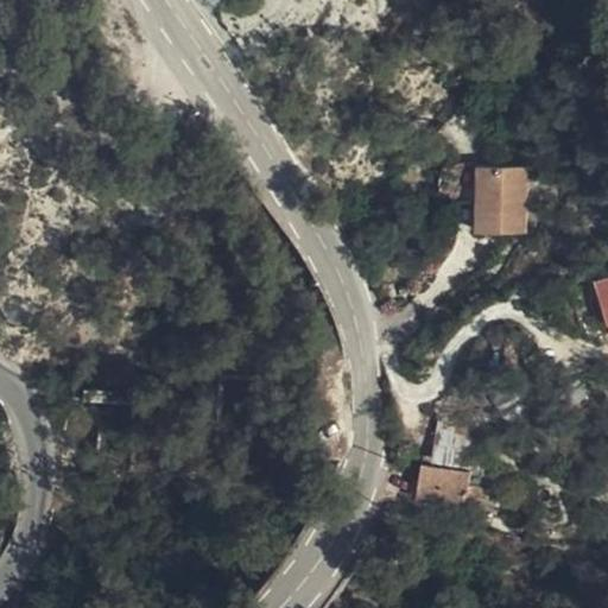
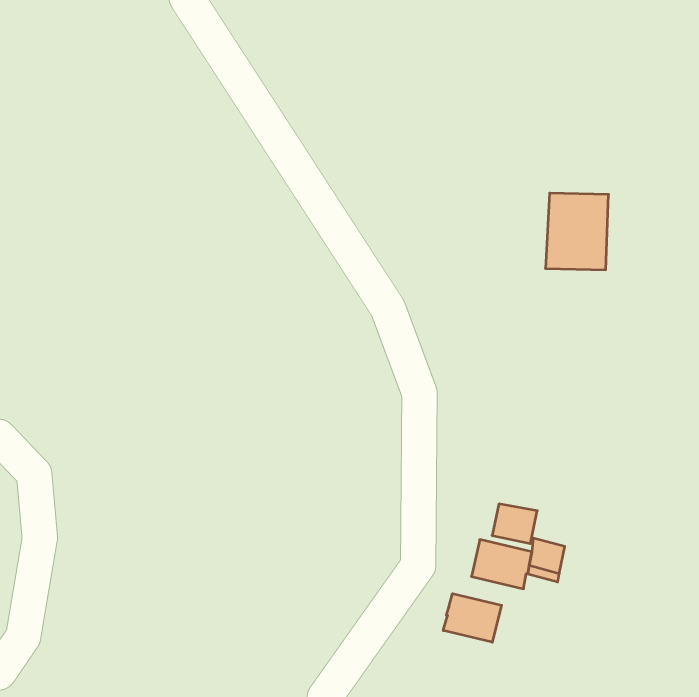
building: none -> [443,594,502,642]

